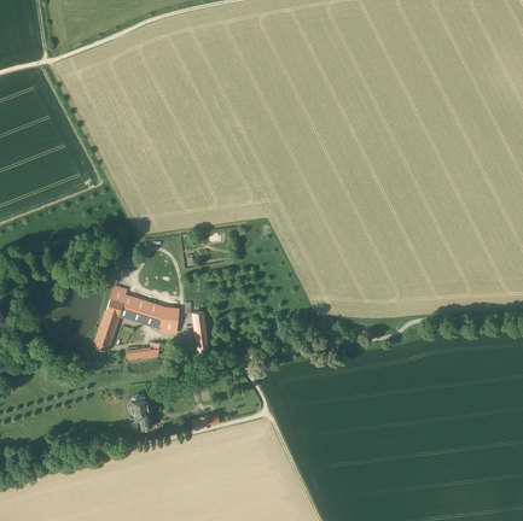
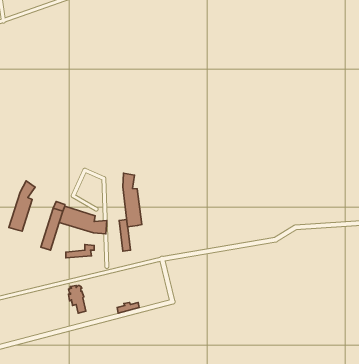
building: none -> [123,173,142,227]
building: none -> [9,181,35,231]

